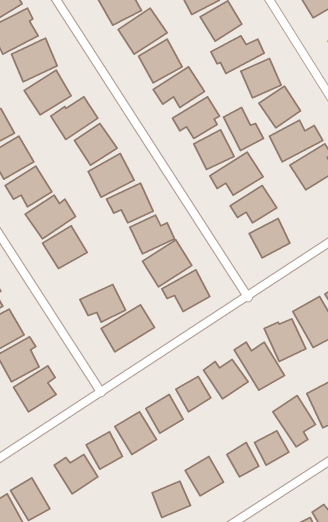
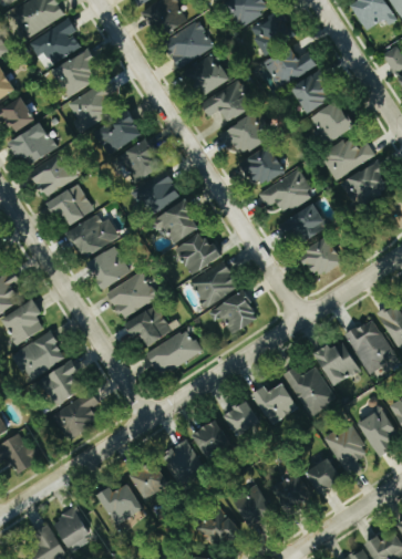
building: [224,108,263,151] -> none
building: none -> [105,271,157,319]

